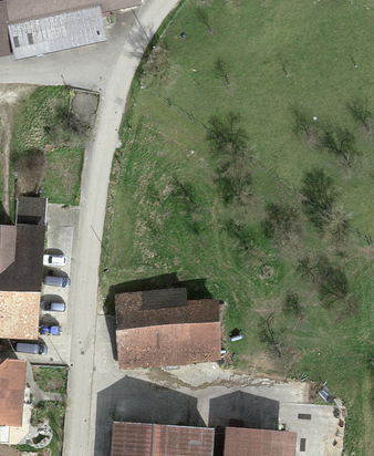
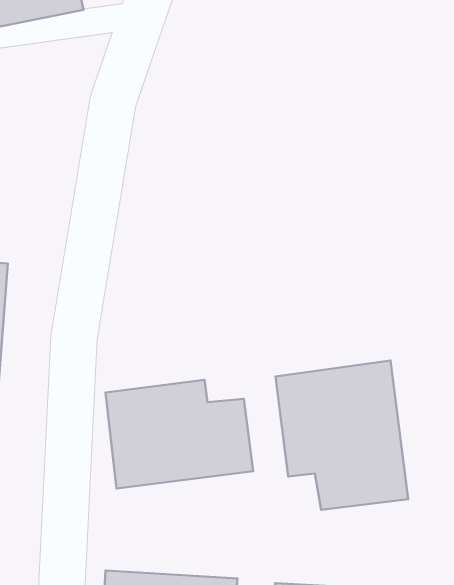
building: none -> [276,361,408,510]

